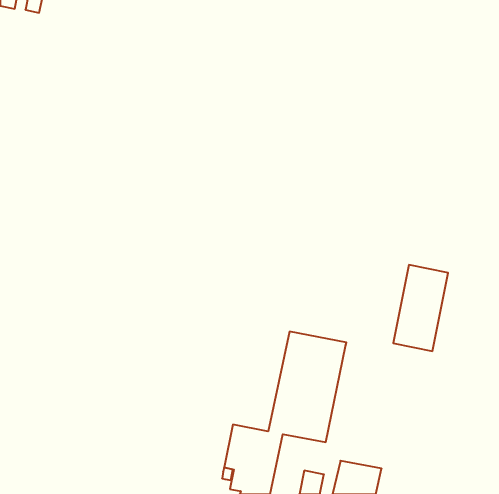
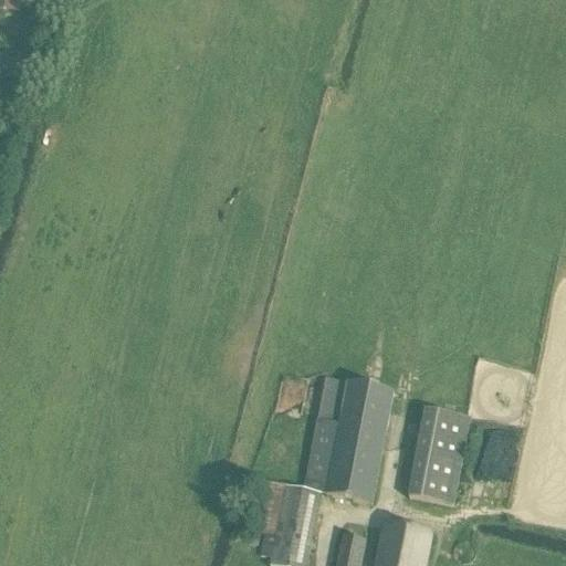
building: [393,265,448,351] -> [407,406,469,503]

